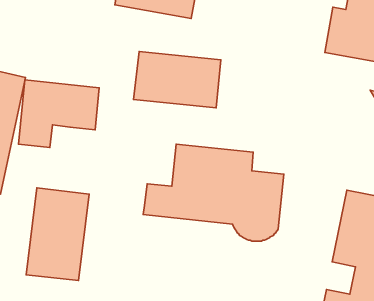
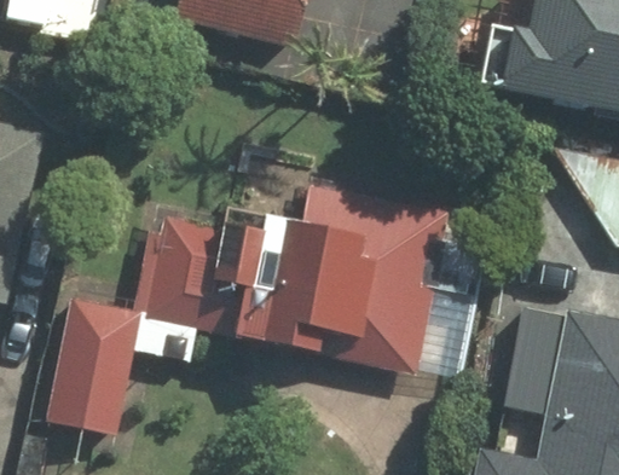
building: [134,52,221,108] -> none
building: [19,80,99,147] -> [149,218,270,319]

